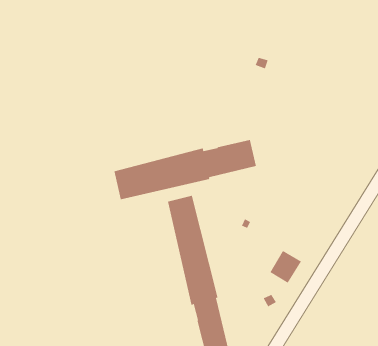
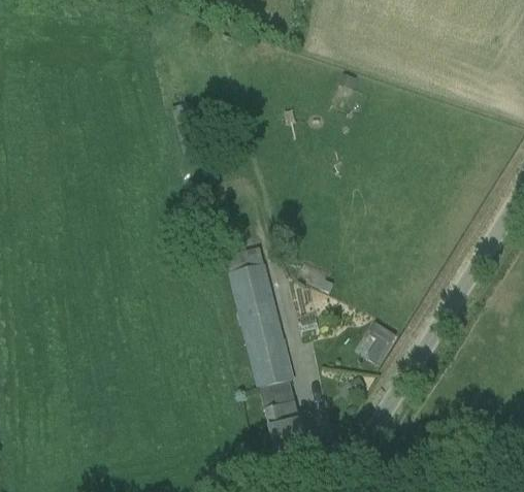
building: [114,139,257,200] -> none

